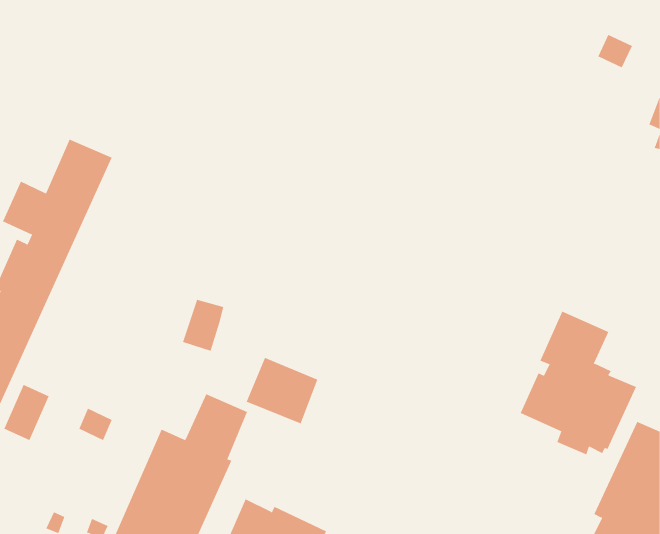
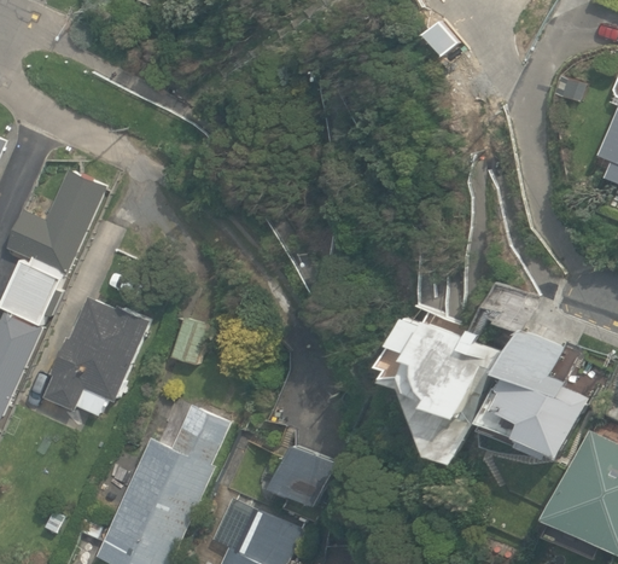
building: none -> [42,297,148,415]
building: none -> [380,307,500,464]
building: [246,357,318,424] -> [273,447,339,508]

